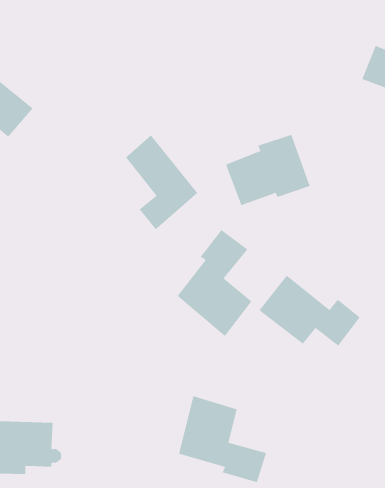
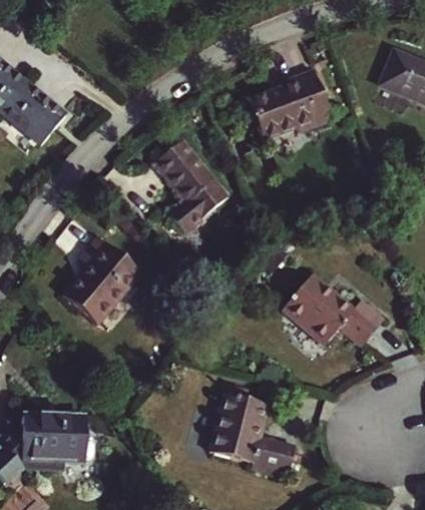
building: [225,134,311,206] -> [249,70,331,139]
building: [177,229,252,337] -> none
building: none -> [65,235,140,323]

